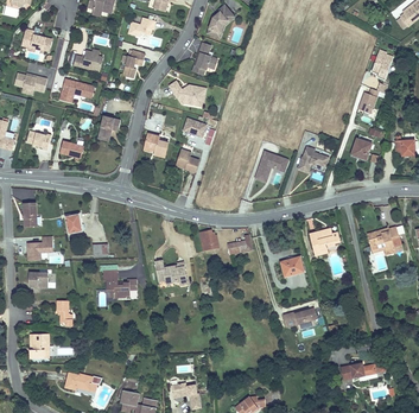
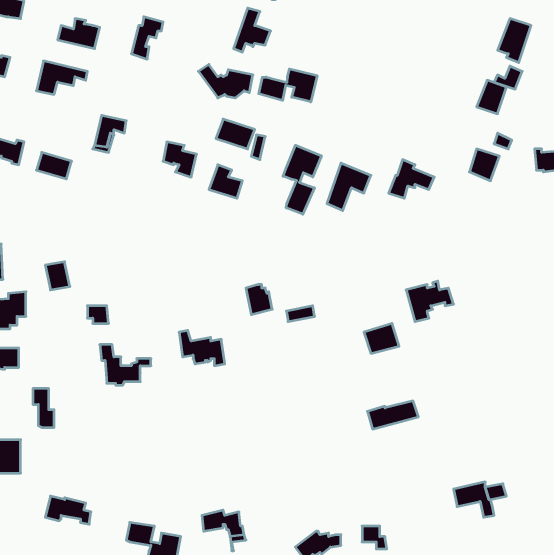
building: none -> [259,69,317,102]
building: none -> [283,145,321,214]
building: [367,225,402,254] -> none

